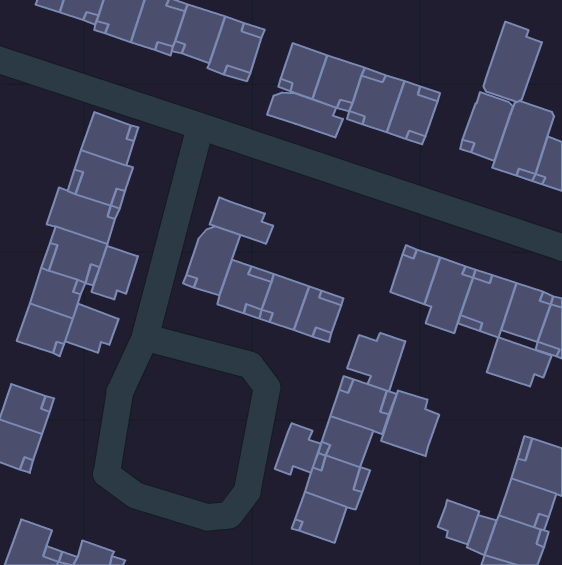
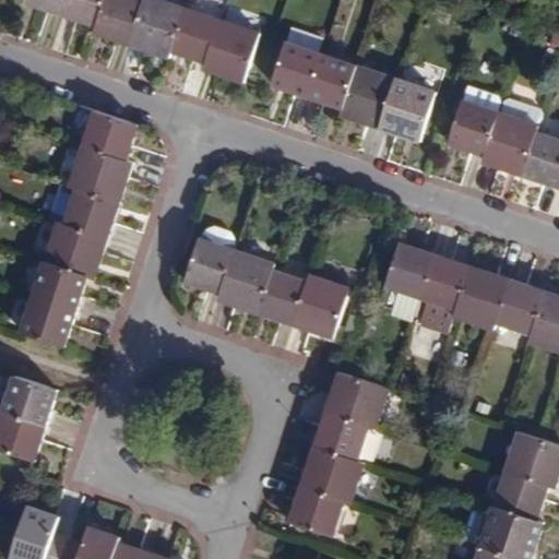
building: [484,22,542,102] -> none
building: [267,92,343,138] -> none
building: [210,197,273,244] -> none
building: [92,246,138,300] -> none
building: [65,304,119,353] -> none
building: [347,333,405,391] -> none
building: [487,337,551,387] -> none
building: [381,390,439,456] -> none
building: [275,423,321,475] -> none
building: [438,500,479,544] -> none

